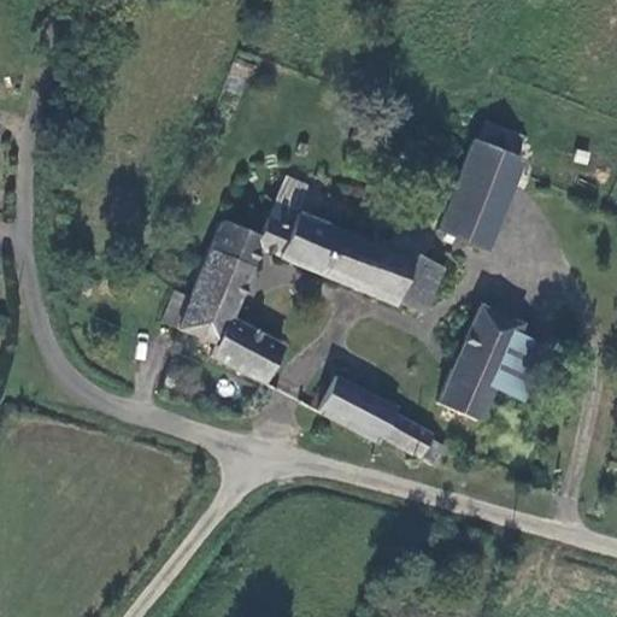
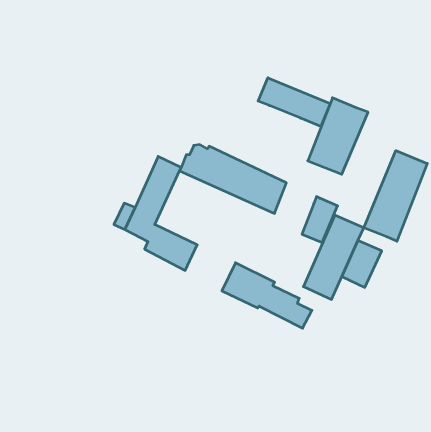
building: none -> [258,78,330,127]
building: none -> [364,151,427,241]
building: [394,249,445,315] -> [302,197,338,243]

